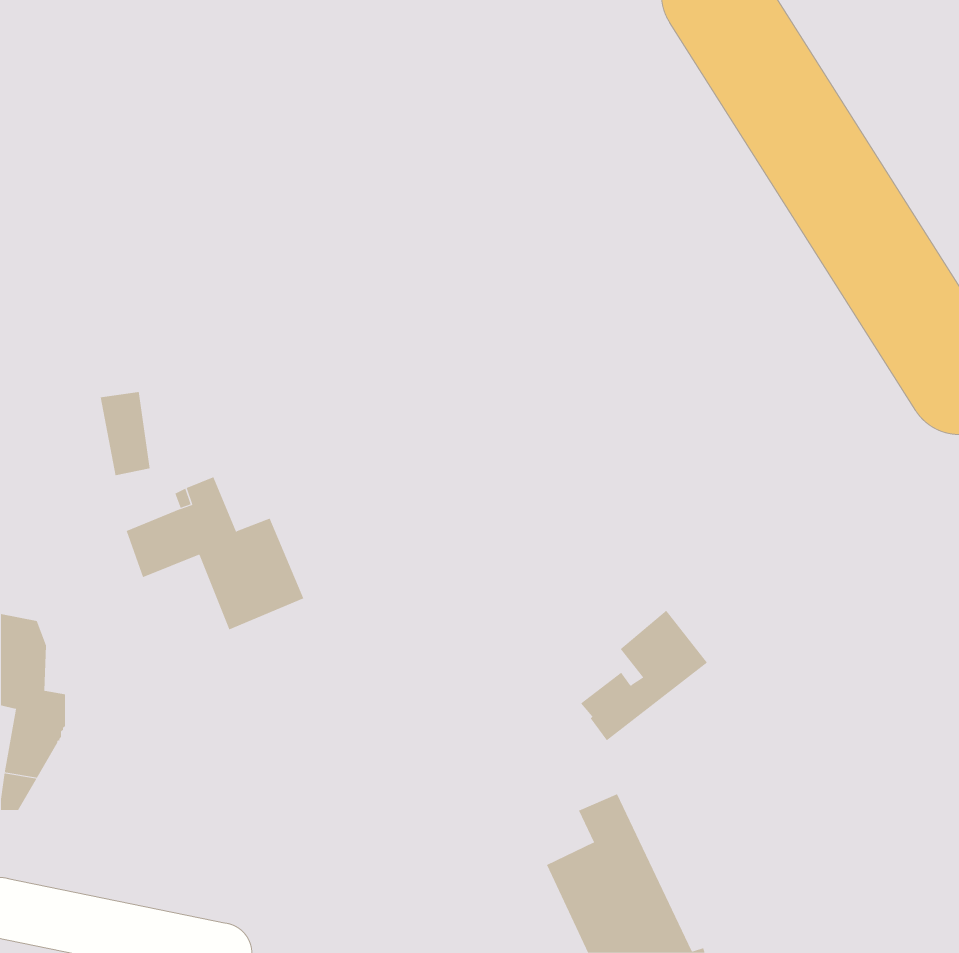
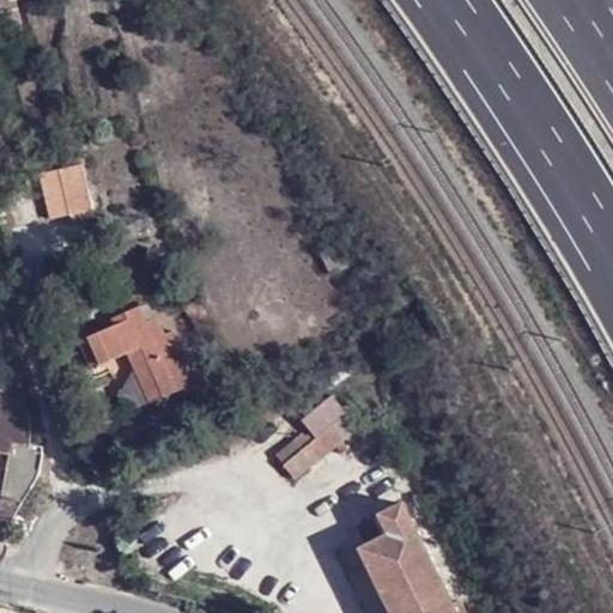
building: [100,391,151,476] -> [59,162,91,216]
building: [580,610,708,741] -> [271,399,352,482]

